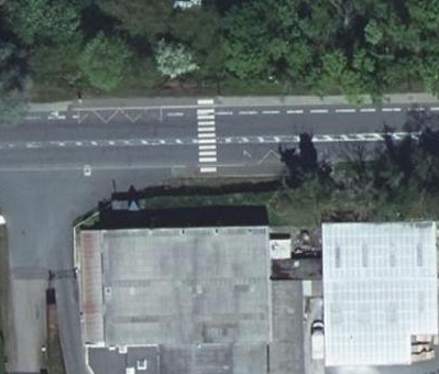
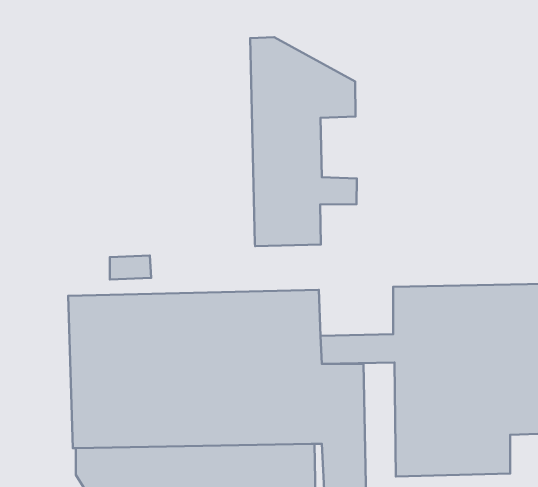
building: none -> [250,37,357,246]

